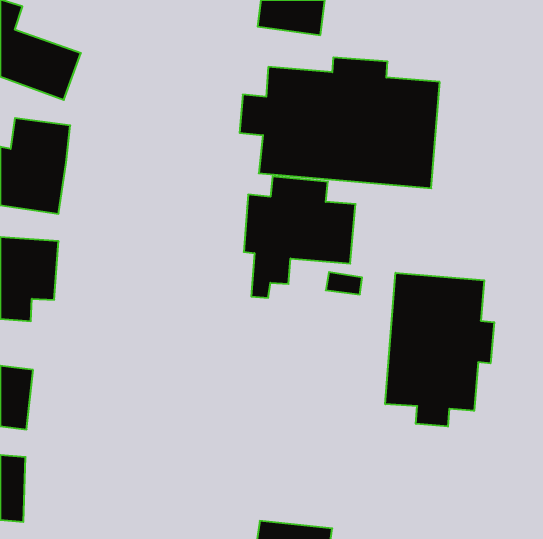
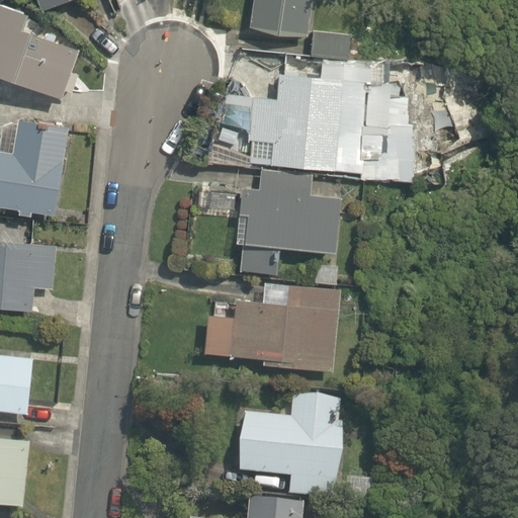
building: [385,273,494,427] -> none
building: none -> [200,284,340,367]
building: none -> [233,396,345,500]

